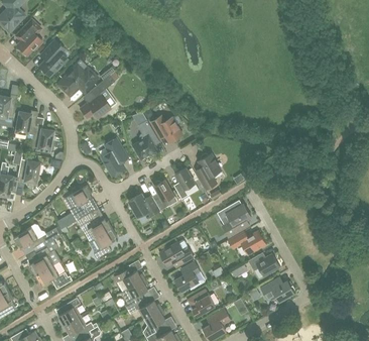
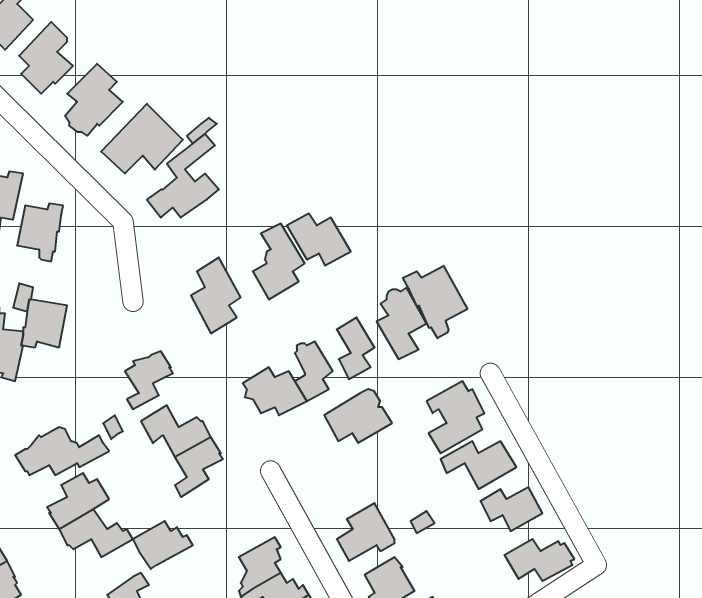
building: [30,116,52,150] -> none
building: none -> [403,266,467,338]
building: [159,239,194,266] -> [324,389,392,443]
building: [114,266,144,291] -> [133,521,193,569]

